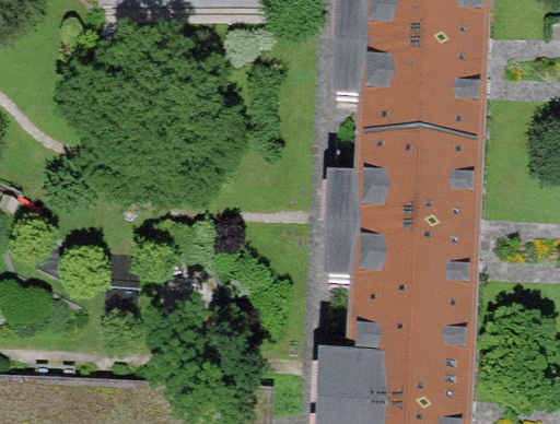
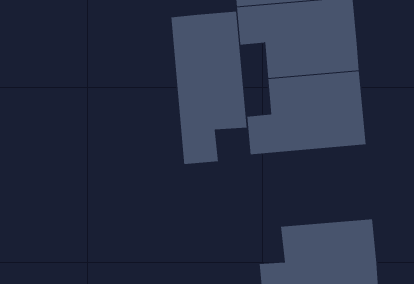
building: none -> [171,11,247,165]
building: [332,232,478,329] -> none

